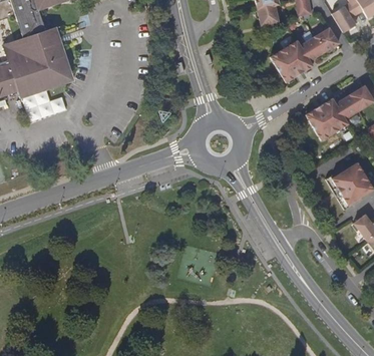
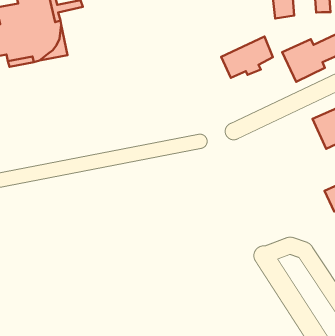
building: none -> [221,37,273,78]

